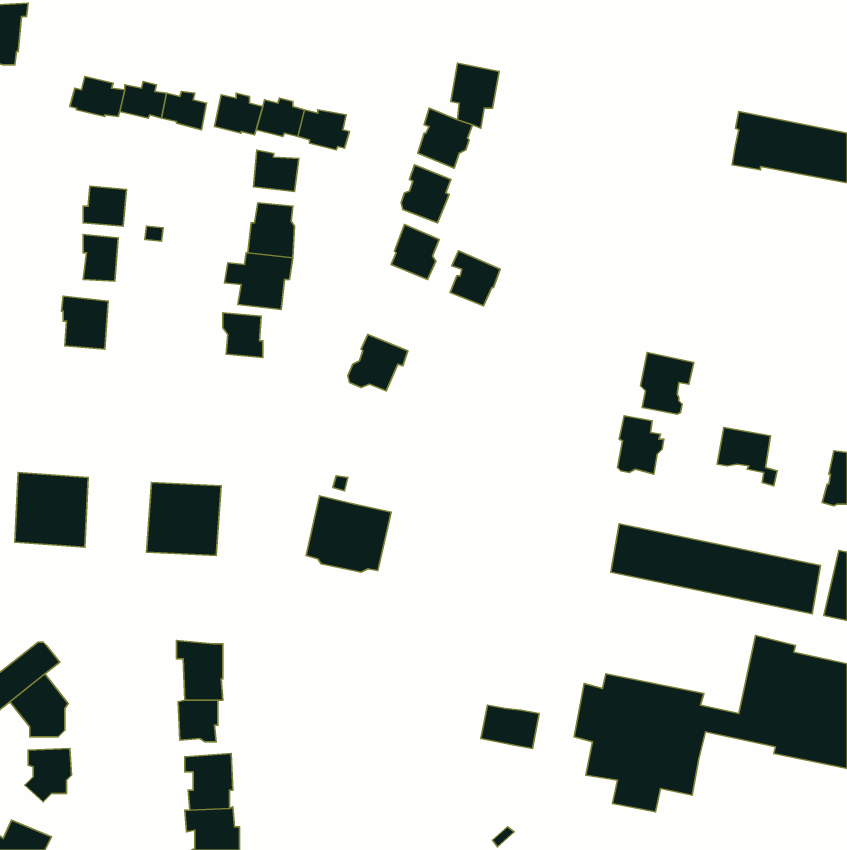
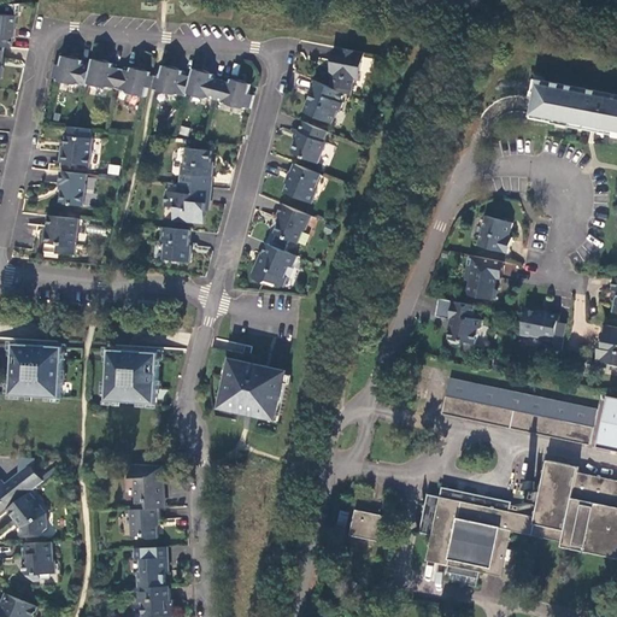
building: [253,150,299,191] -> none
building: [450,251,500,306] -> [274,201,310,241]
building: none -> [478,215,512,253]

